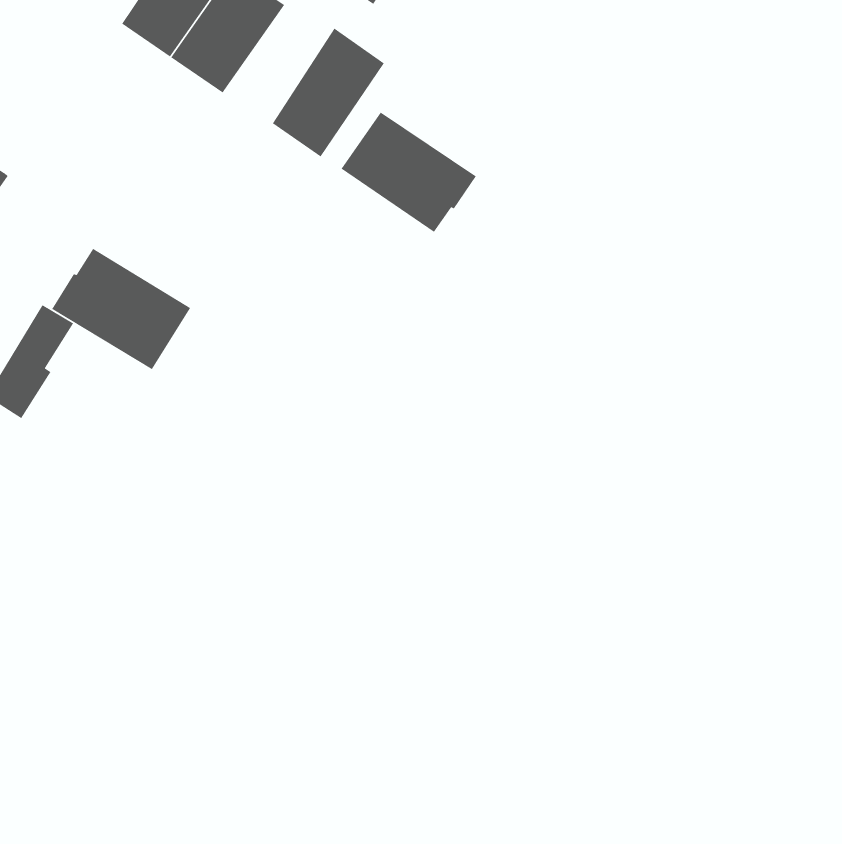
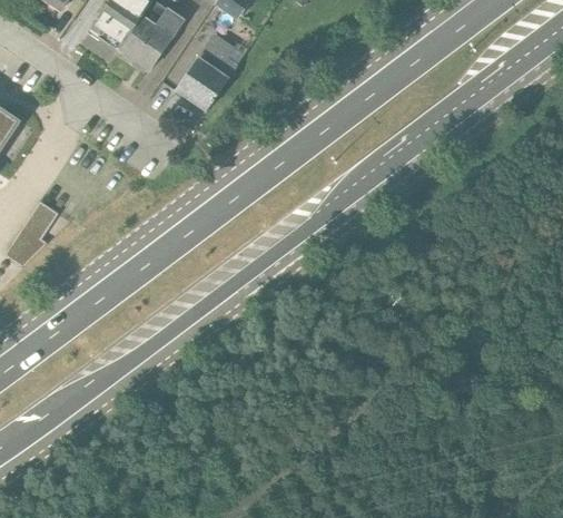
building: [340,111,477,233] -> none
building: [51,248,191,370] -> none

